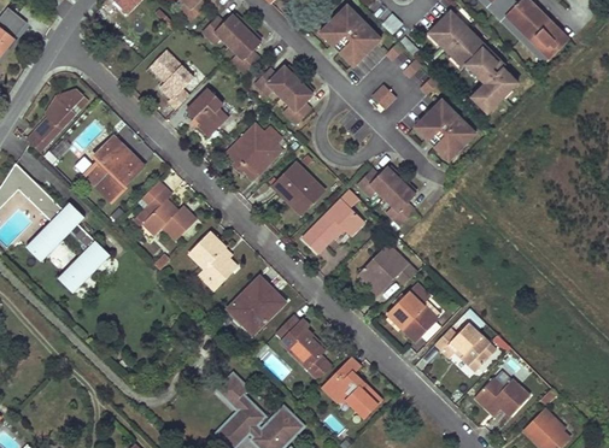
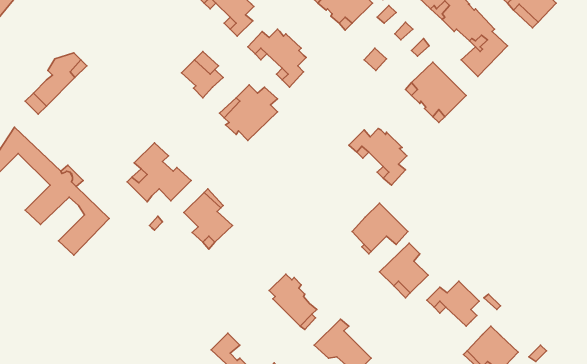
building: [151,51,194,108] -> none
building: [86,134,146,200] -> none
building: [274,161,324,210] -> none
building: [301,188,364,252] -> none
building: [228,276,286,334] -> none

